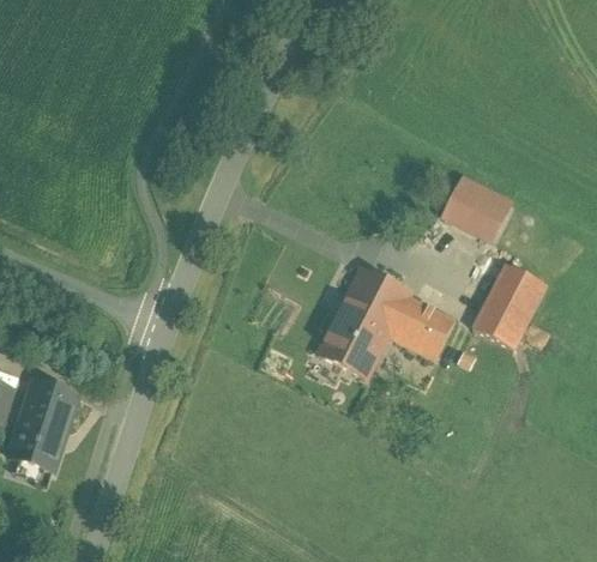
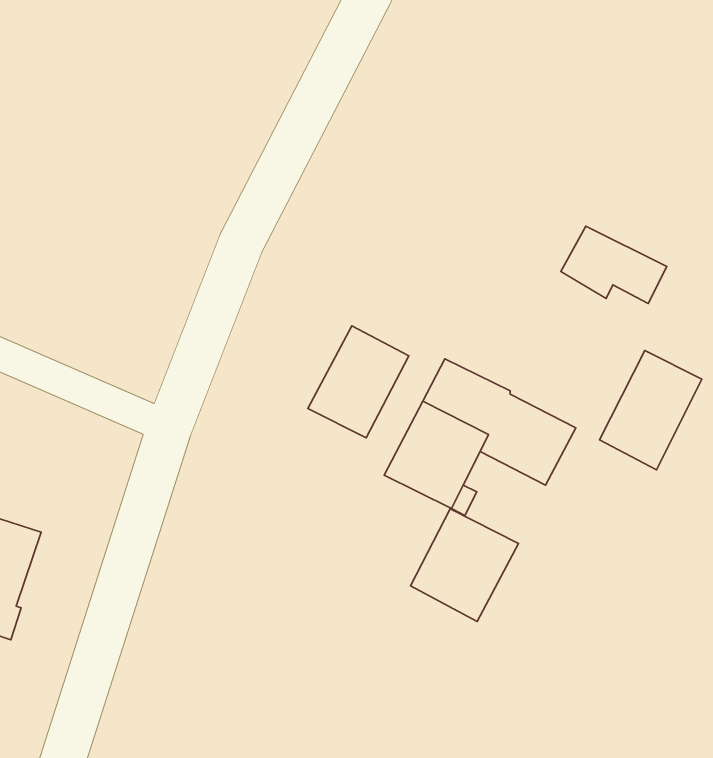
building: none -> [308,326,409,438]
building: none -> [410,509,518,621]

